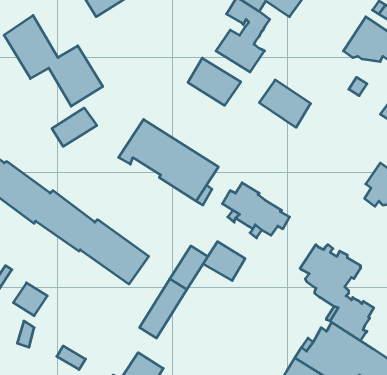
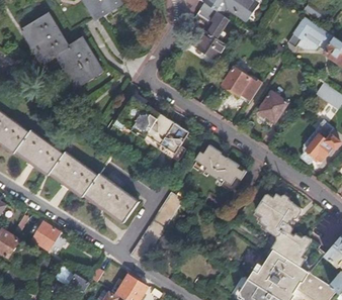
building: [188,58,241,105] -> none
building: [52,108,97,146] -> none
building: none -> [259,92,287,121]
building: [203,242,245,281] -> none

